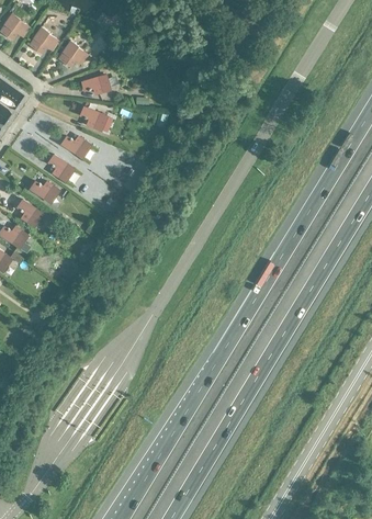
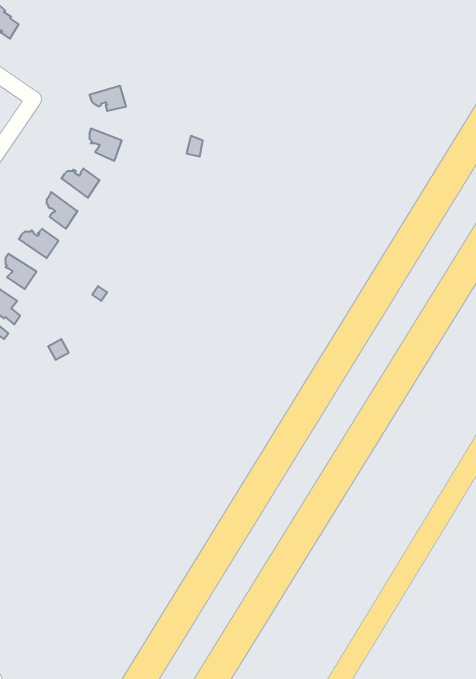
building: [29,26,59,54] -> none
building: [58,40,88,67] -> none

